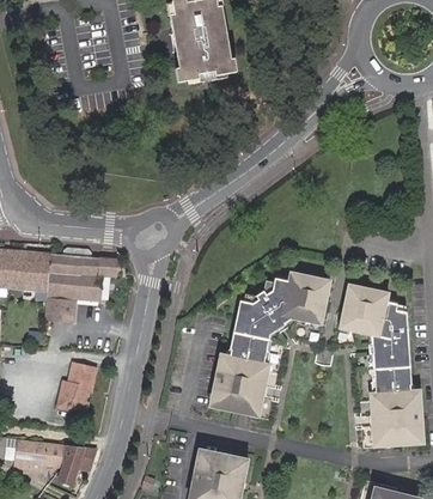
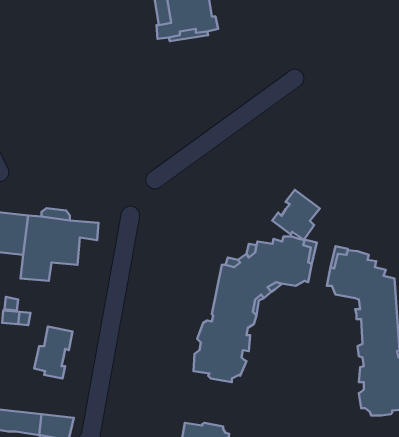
building: none -> [272,190,320,240]

